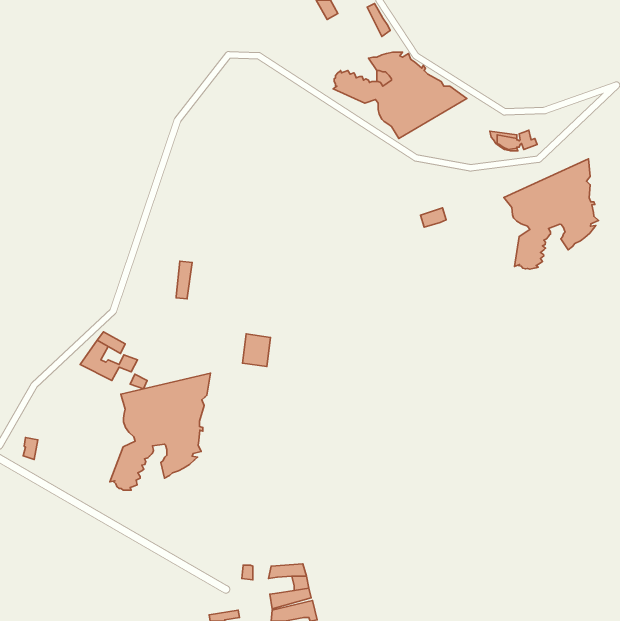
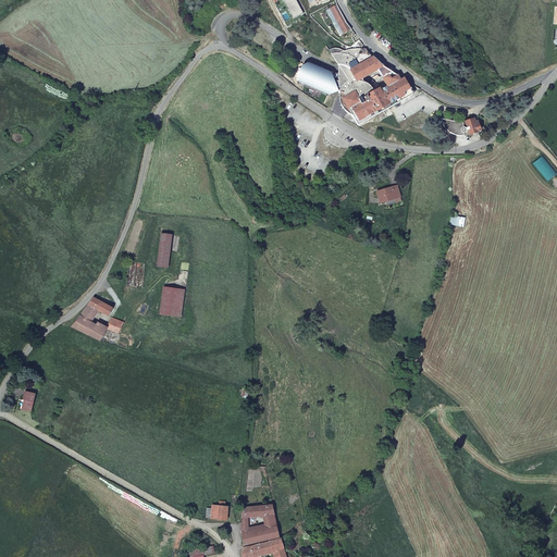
building: [504,159,598,269] -> none
building: [243,334,271,367] -> [160,287,185,317]
building: [110,373,210,490] -> none

